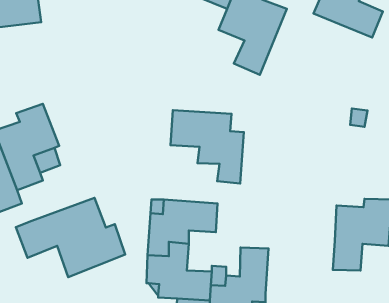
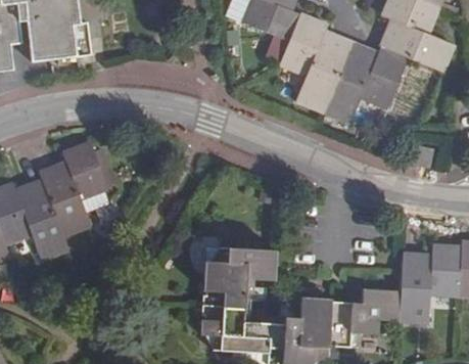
building: none -> [322,42,407,123]
building: [170,110,244,183] -> none
building: [16,198,125,277] -> none
building: none -> [328,287,402,347]

